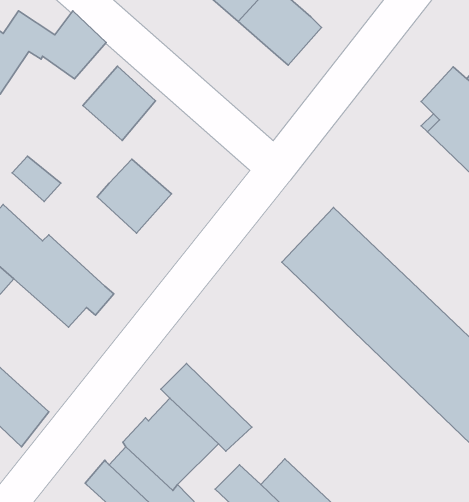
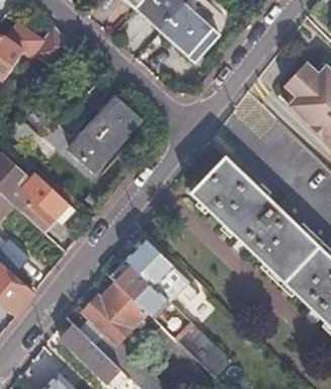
building: [83,66,155,140] -> [90,96,139,146]
building: none -> [127,239,189,302]

